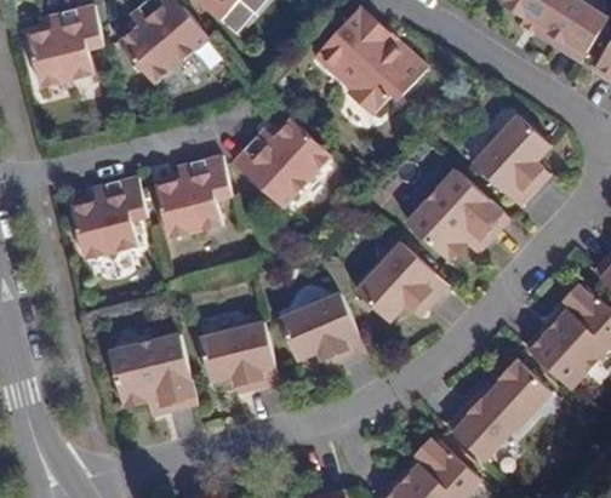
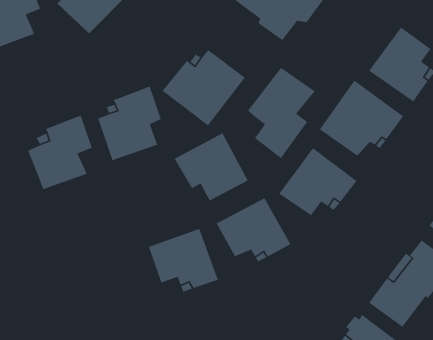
building: none -> [247,67,316,159]
building: none -> [174,132,249,201]
building: [109,340,196,418] -> none

